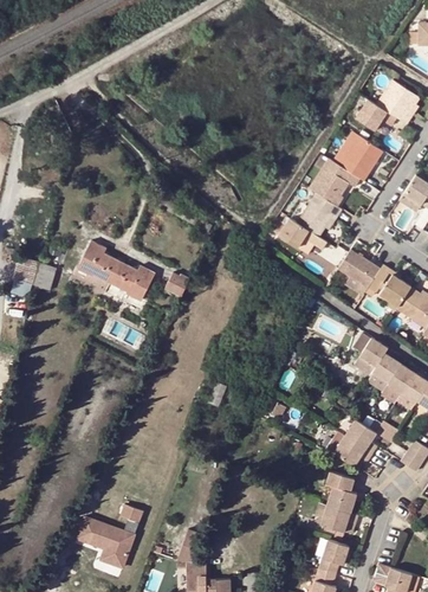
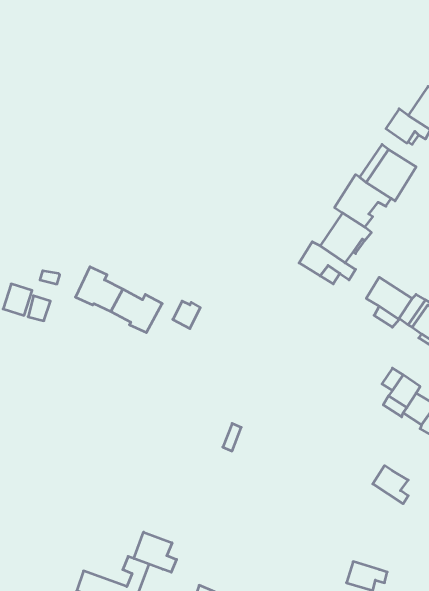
building: [333,436,371,466] -> none
building: [326,478,356,513] -> none
building: none -> [134,532,177,572]

